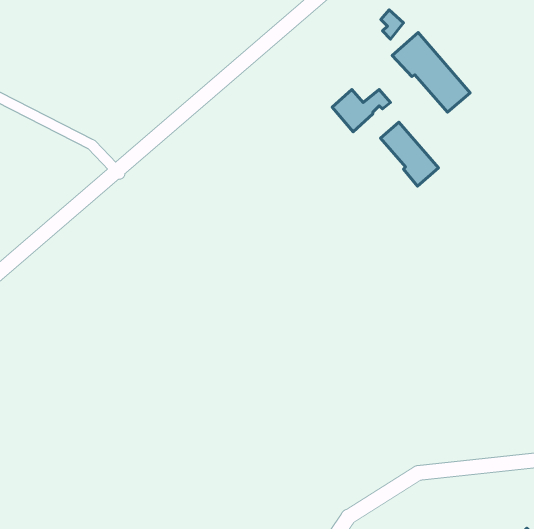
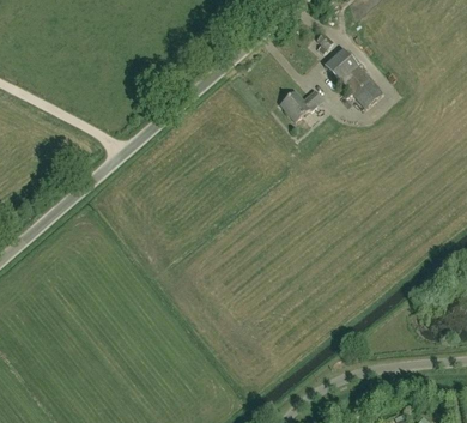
building: [381,122,439,186] -> none

